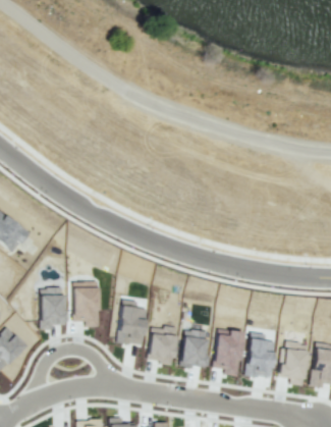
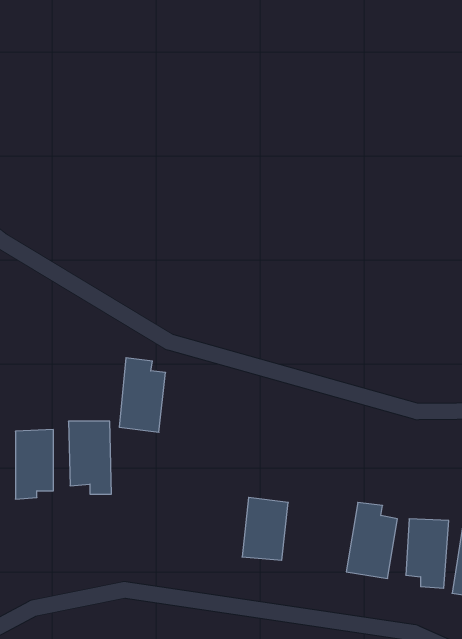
building: [119,299,148,344] -> [119,358,166,432]
building: [150,325,178,363] -> none
building: [214,328,245,375] -> none

